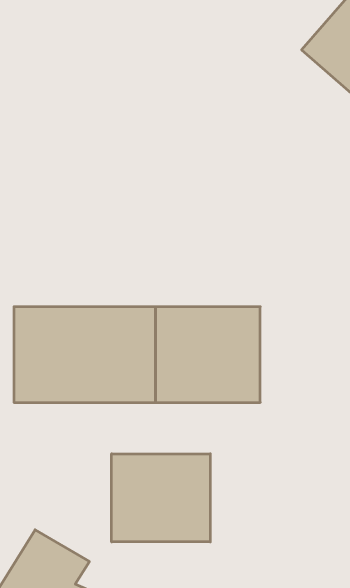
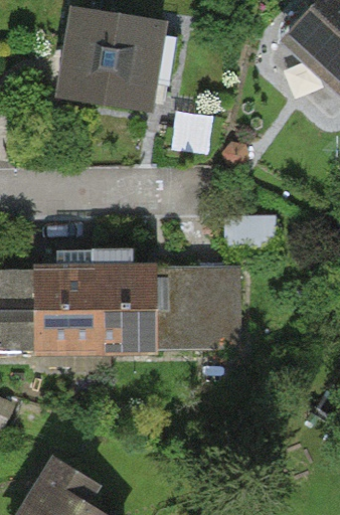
building: none -> [51,12,160,118]
building: [112,454,210,542] -> none

